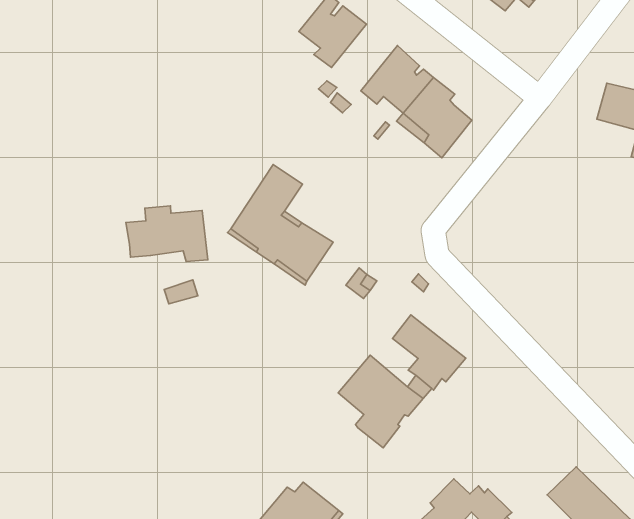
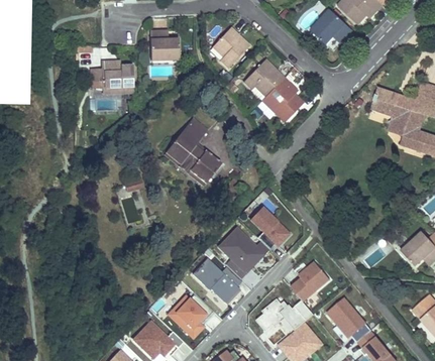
building: none -> [149,30,179,61]
building: [126,206,208,262] -> [90,62,133,93]
building: none -> [291,261,329,302]
building: none -> [192,258,241,304]

